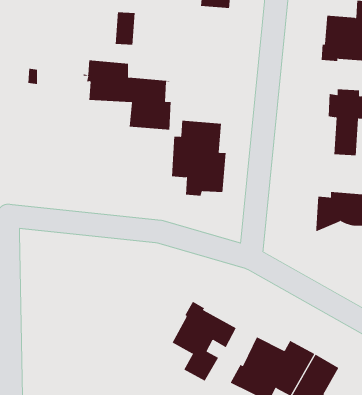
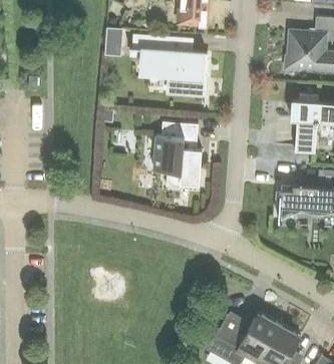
building: [83,60,171,130] -> [129,36,207,97]
building: [172,301,236,381] -> none

